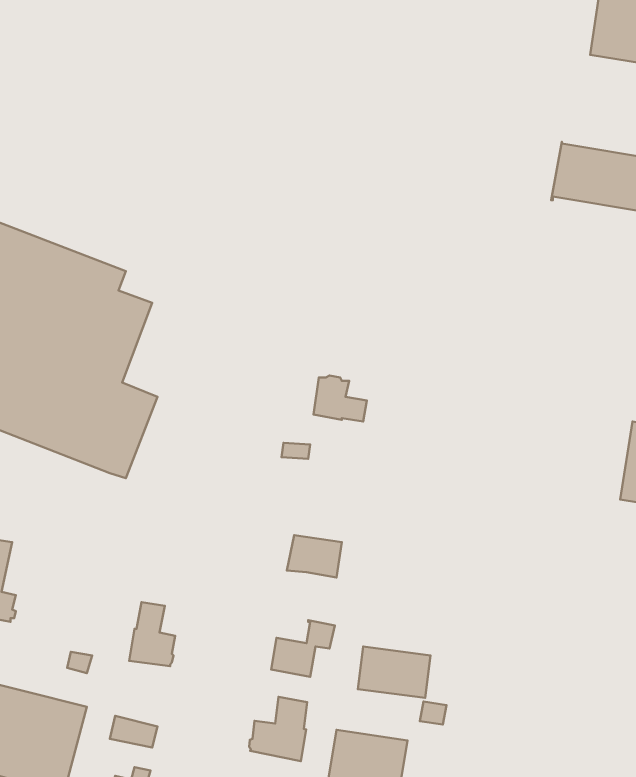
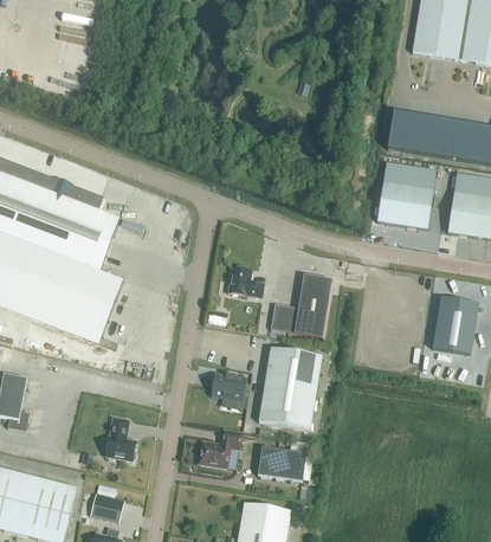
building: none -> [376,162,437,228]
building: none -> [271,273,332,336]
building: none -> [259,347,322,428]
building: [249,697,307,761] -> none

